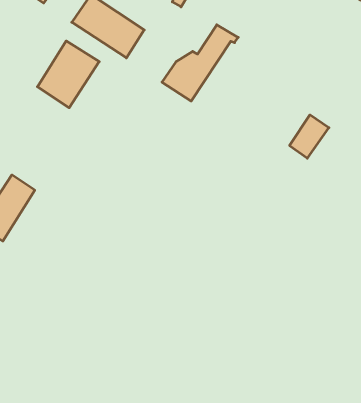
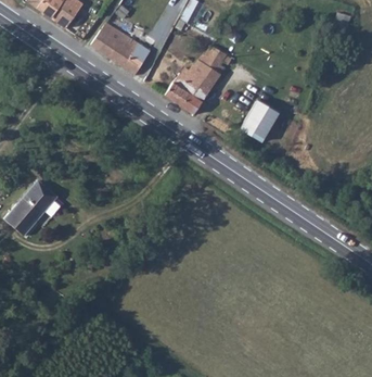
building: [37,41,99,108] -> none
building: [290,115,329,158] -> [240,102,273,139]

